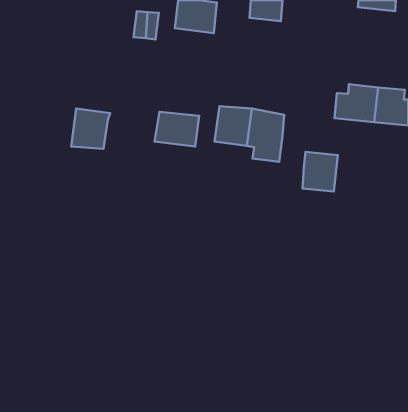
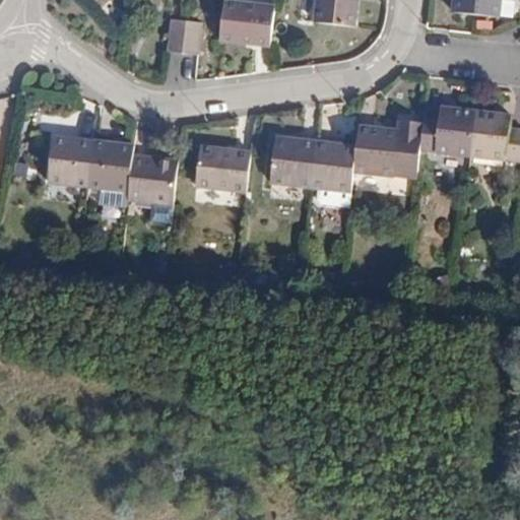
building: none -> [47,134,95,186]
building: none -> [130,152,181,203]
building: [302,152,338,192] -> [354,127,399,177]

